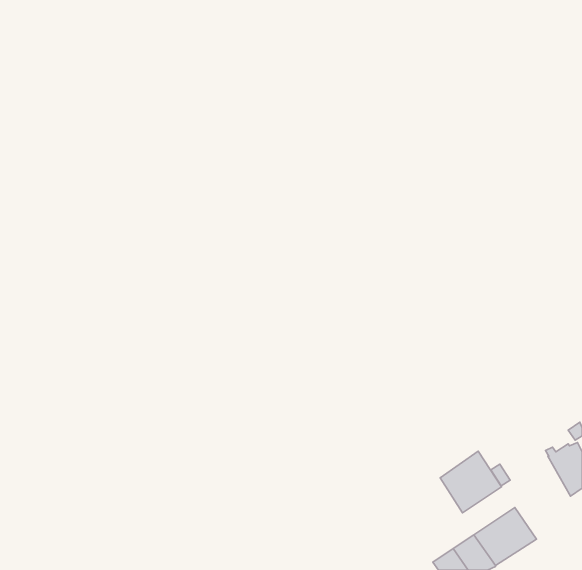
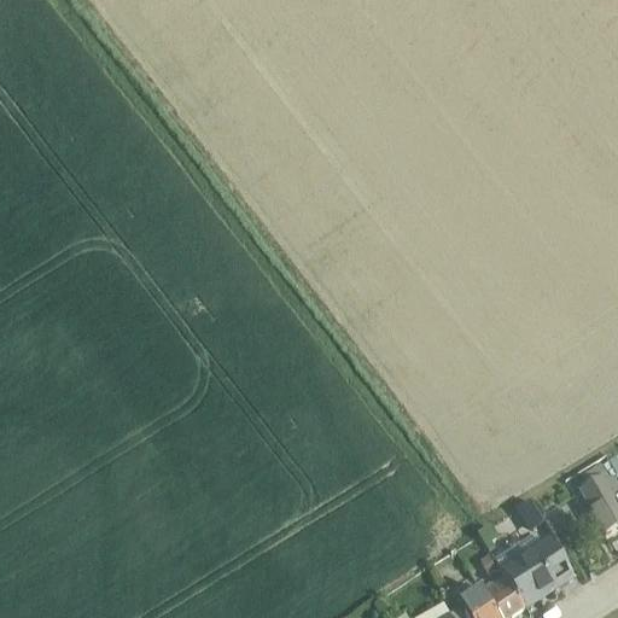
building: [440,451,502,513] -> none

